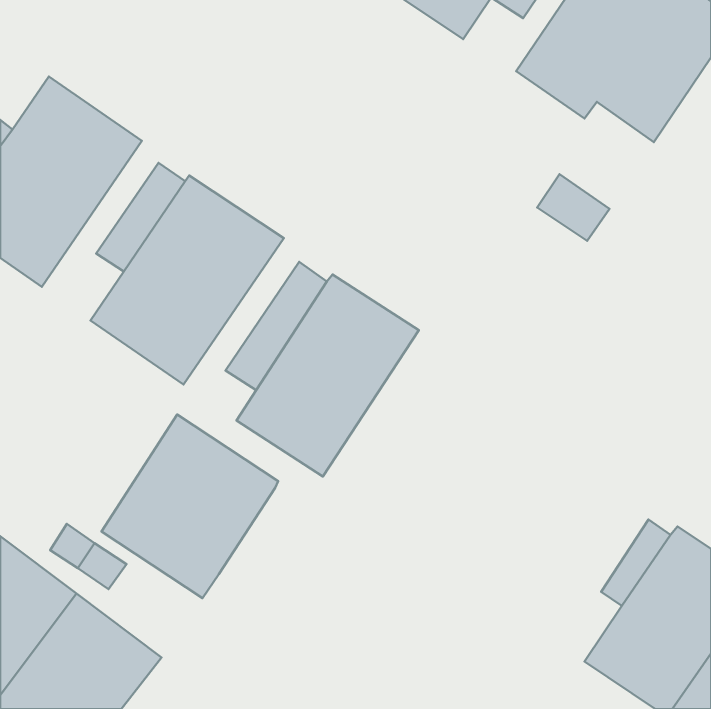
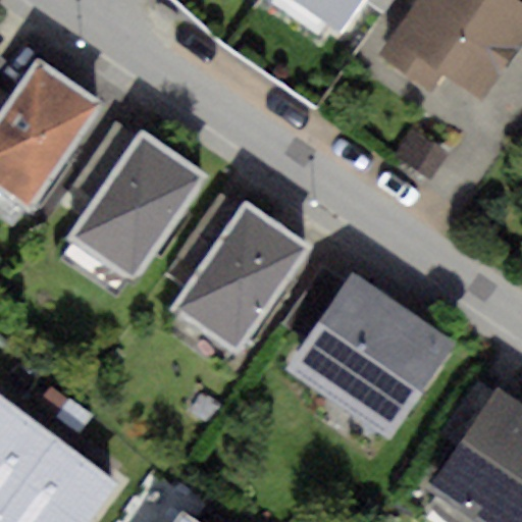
building: none -> [285,276,453,441]
building: [102,415,278,598] -> none

